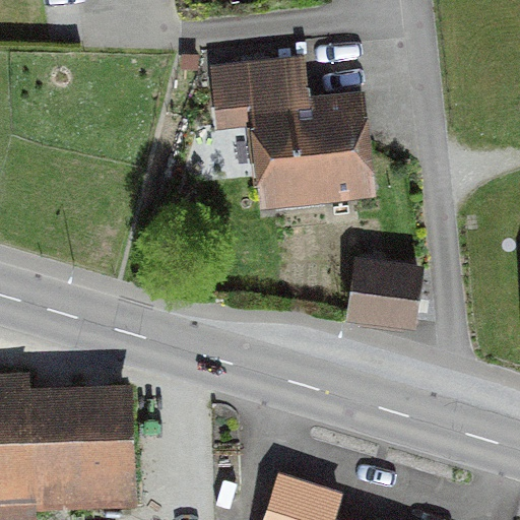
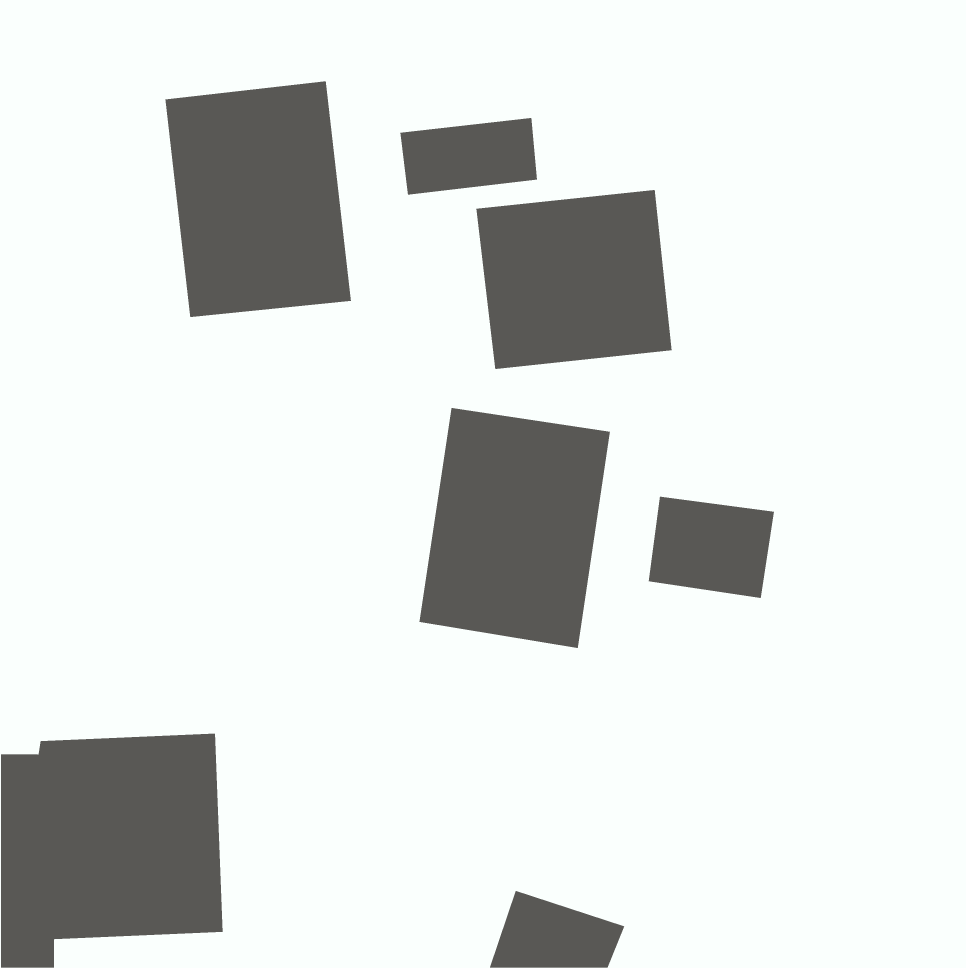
building: none -> [165,80,352,318]
building: none -> [419,407,611,649]

